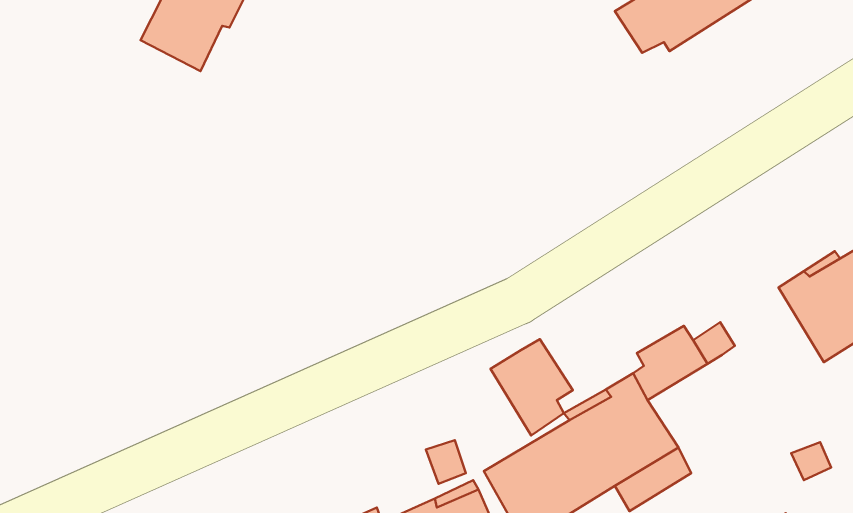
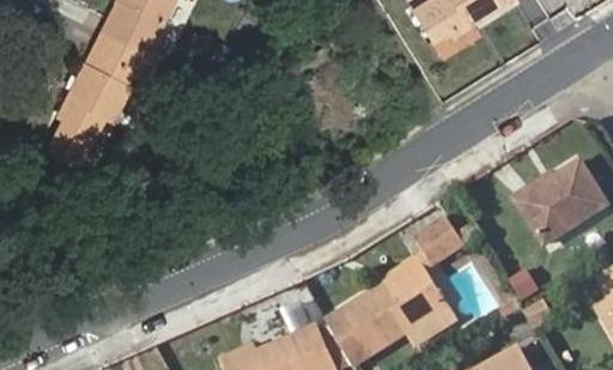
building: none -> [45,34,138,168]
building: [490,339,573,435] -> none

